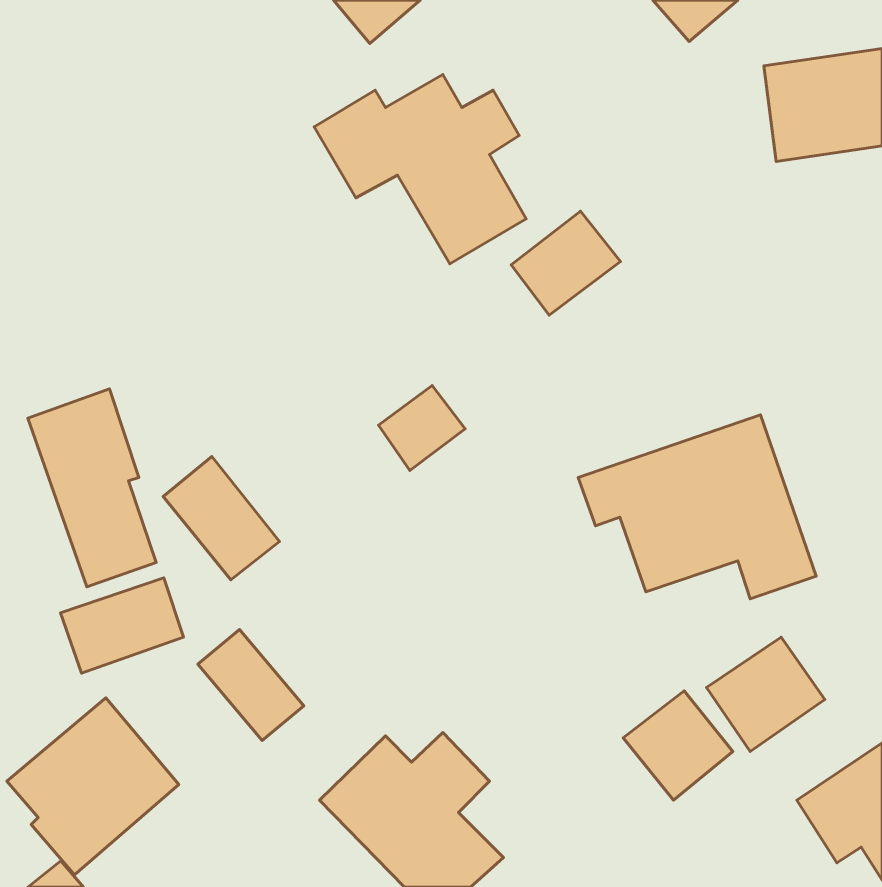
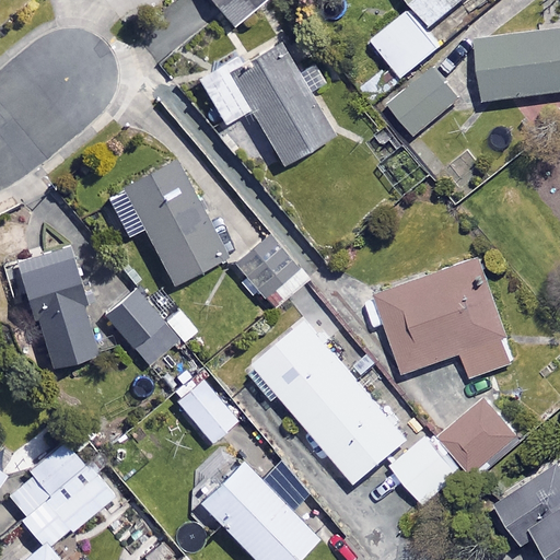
building: none -> [374,11,441,78]
building: [511,211,620,315] -> [390,69,459,135]
building: none -> [105,159,225,284]
building: none -> [259,323,410,483]
building: [61,578,184,673] -> none
building: [198,630,304,741] -> [171,372,237,442]

